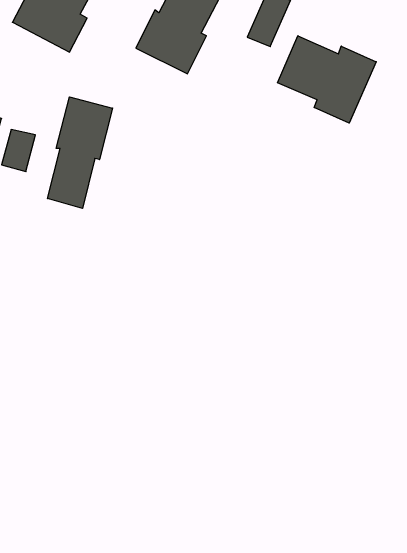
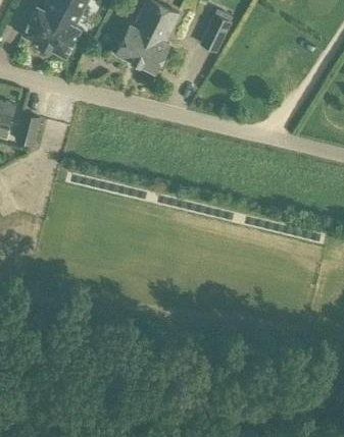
building: [277,36,376,123] -> none
building: [48,97,113,208] -> none

